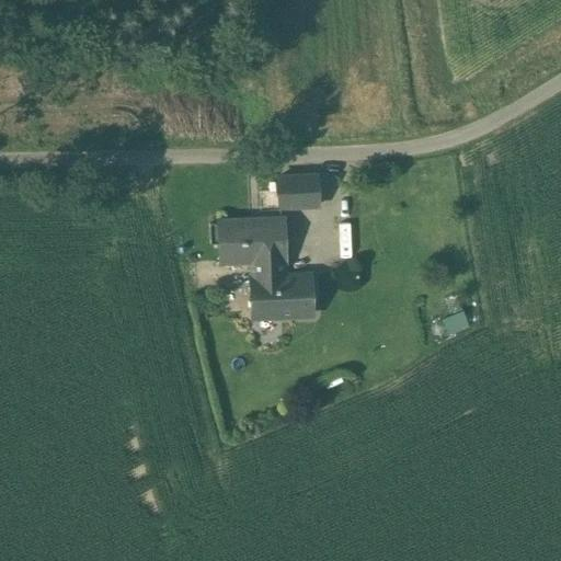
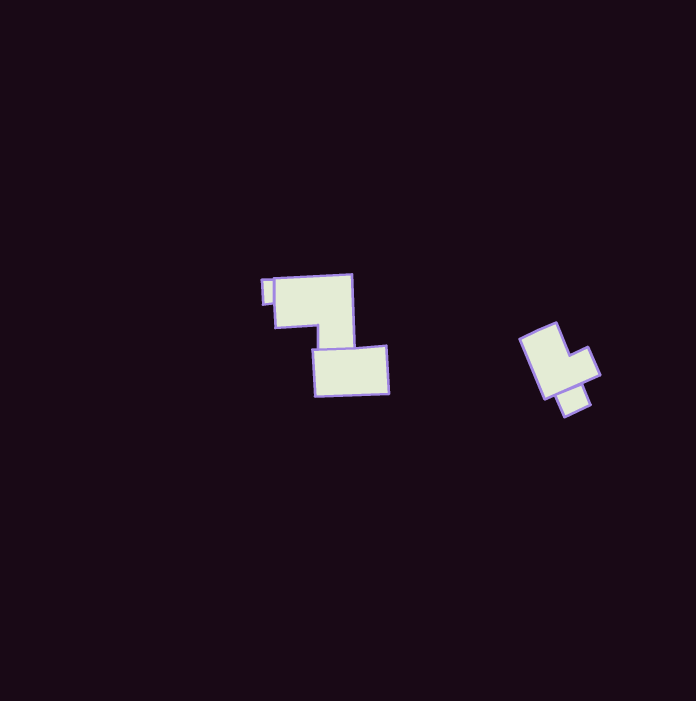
building: [279,176,319,207] -> none
building: none -> [520,323,600,399]

